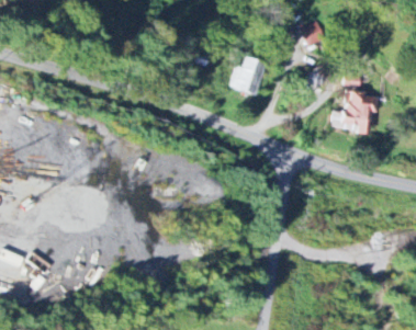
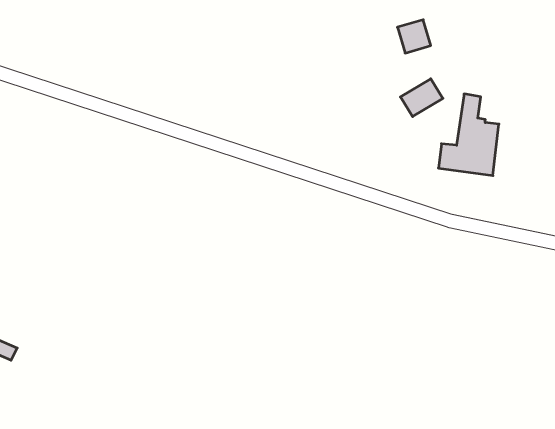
building: [227,57,266,95] -> none

